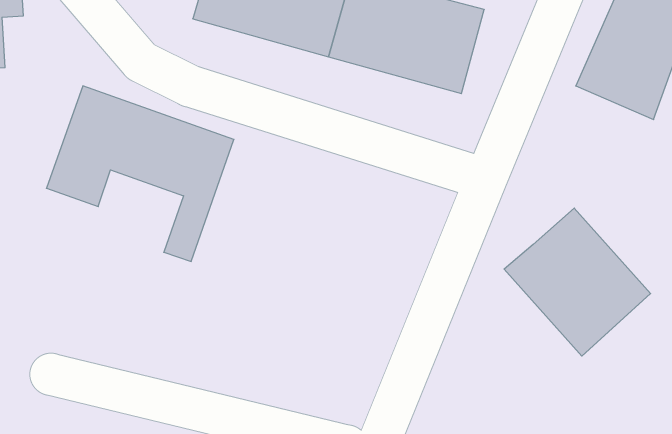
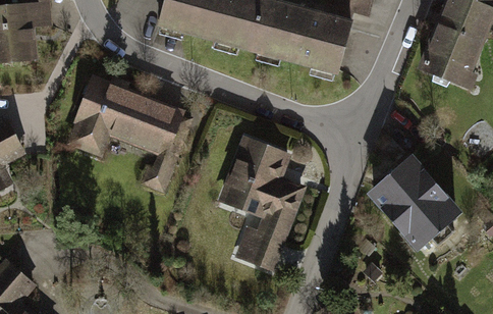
building: none -> [207,132,300,270]

